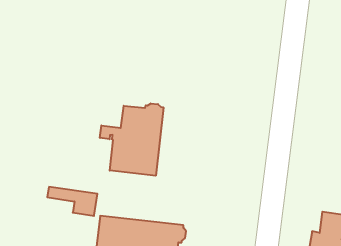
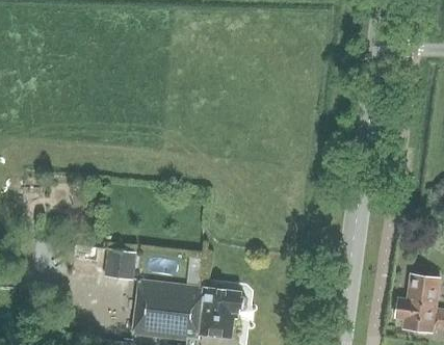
building: [100,103,163,176] -> none

